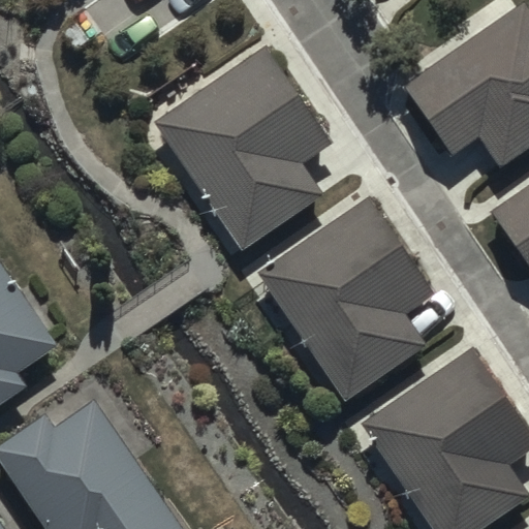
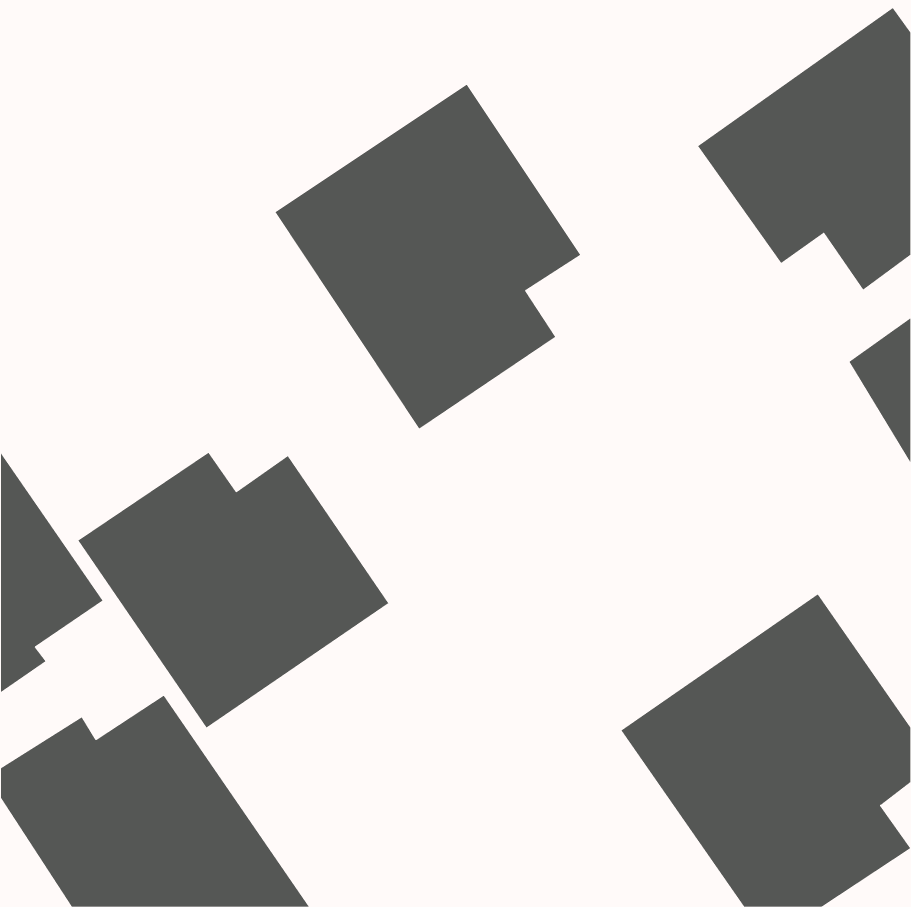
building: [255,196,437,400] -> none
building: none -> [77,452,389,728]

